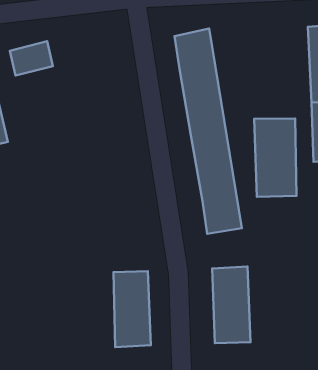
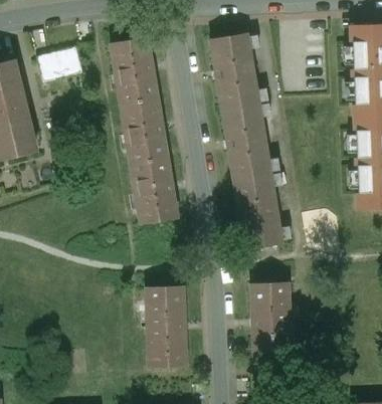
building: none -> [111,37,177,222]
building: [254,119,297,197] -> none

